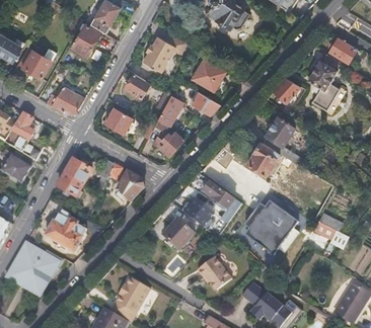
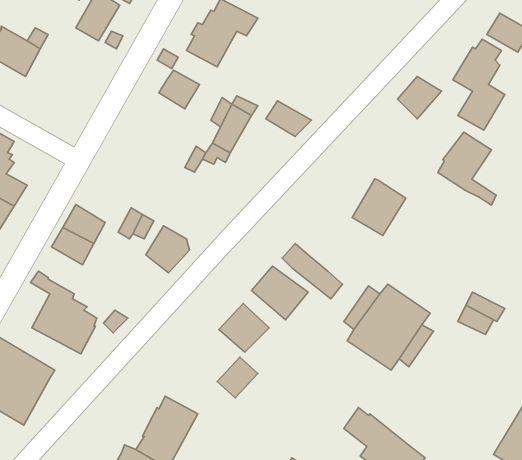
building: [193,59,226,90] -> none
building: [49,85,85,113] -> none
building: [106,106,134,132] -> none
building: [263,116,299,162] -> [438,132,496,205]
building: [155,132,184,156] -> none
building: [197,257,230,291] -> none

